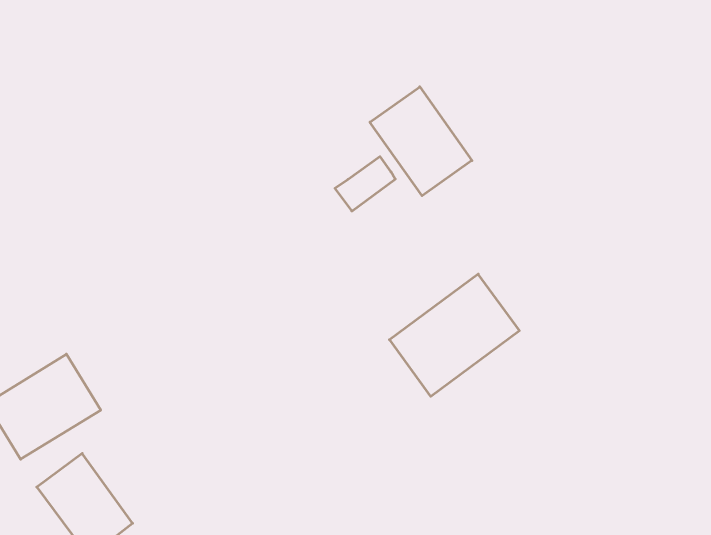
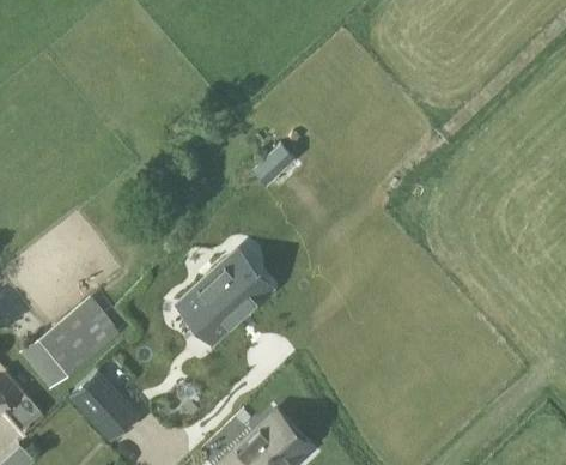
building: [370,87,472,196] -> none
building: [389,274,519,396] -> [181,253,269,340]

